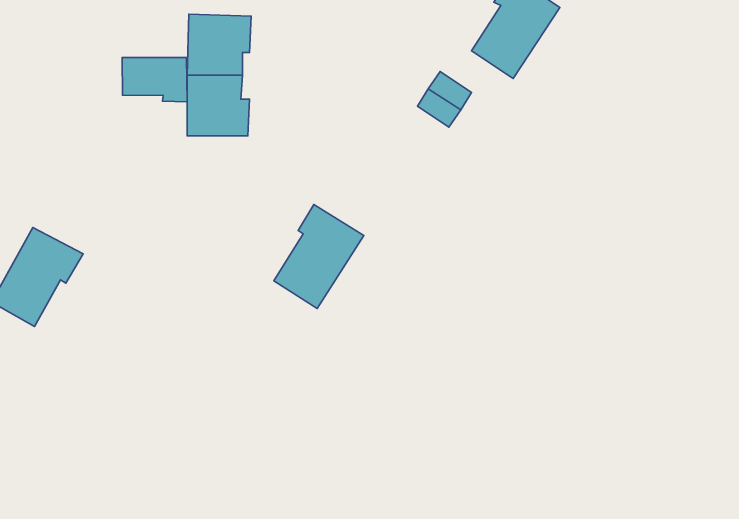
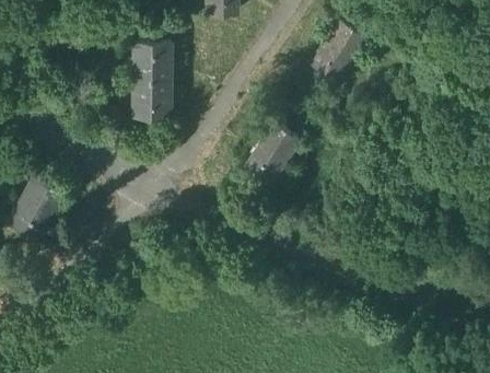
building: [122,58,187,102] -> none
building: [274,204,364,308] -> [244,119,301,185]

